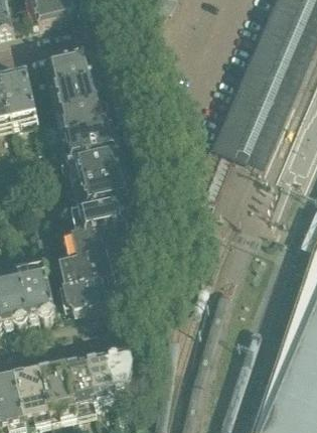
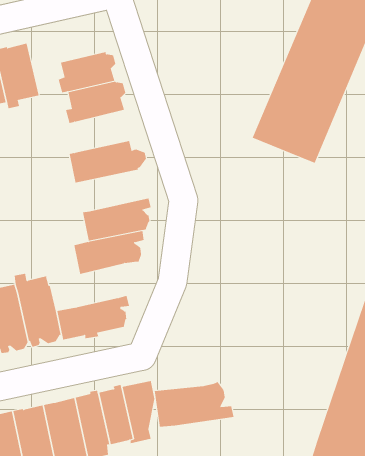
building: [45,50,95,85] -> none
building: [64,123,118,158] -> none
building: [67,172,135,206] -> none
building: [62,249,119,286] -> none
building: none -> [154,381,234,428]

